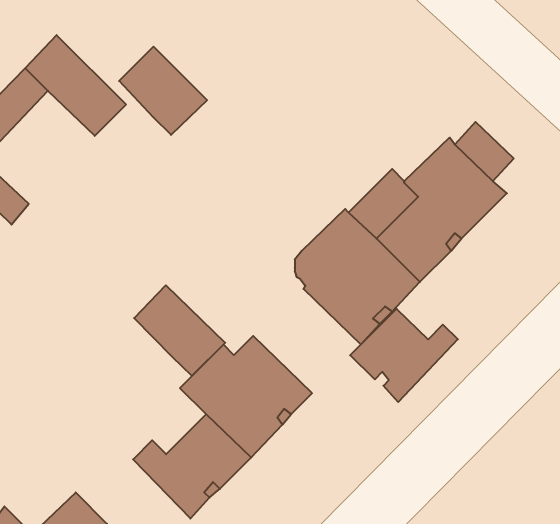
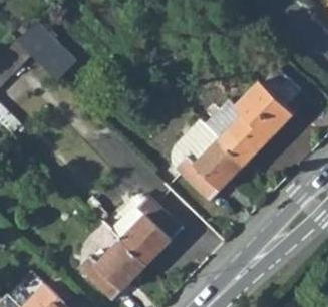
building: [119,47,207,135] -> none
building: [134,285,225,376] -> none
building: [350,309,458,402] -> none

